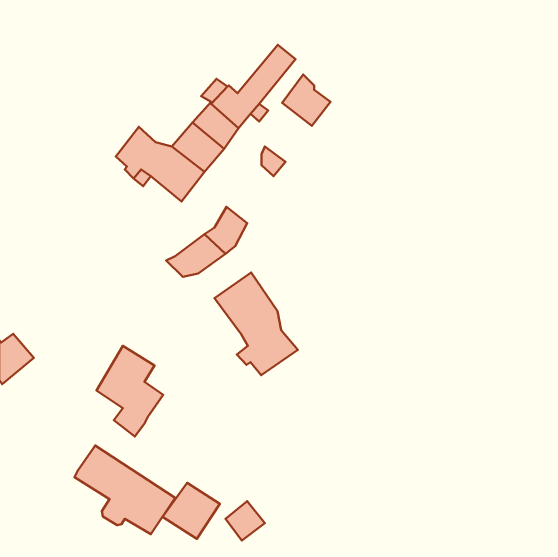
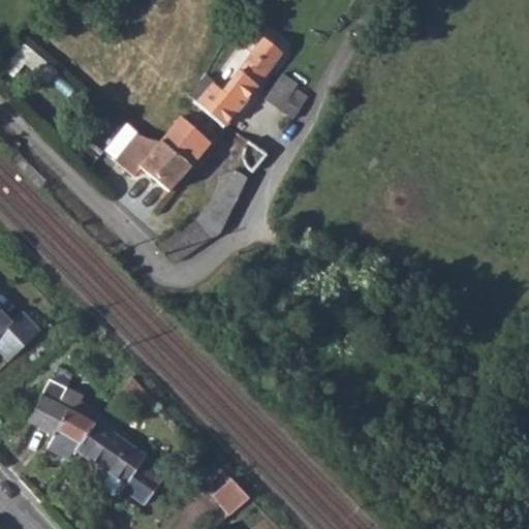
building: none -> [214,174,253,211]
building: [214,272,298,375] -> none
building: [96,346,163,437] -> [25,377,88,463]
building: [162,483,220,539] -> none

